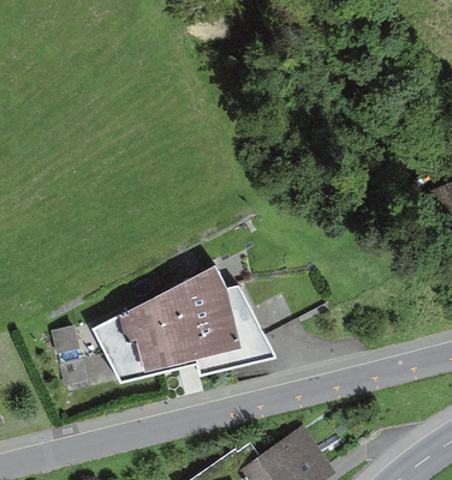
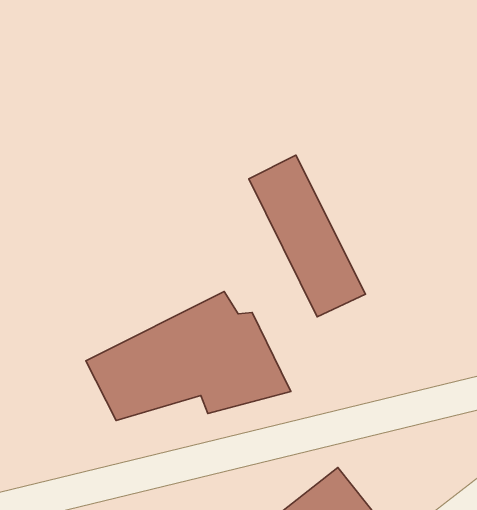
building: none -> [249,155,365,317]

